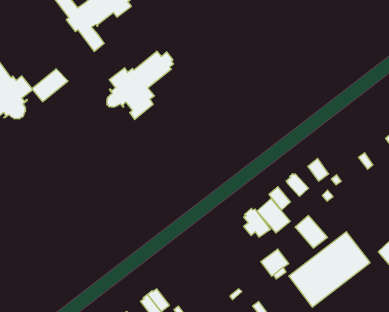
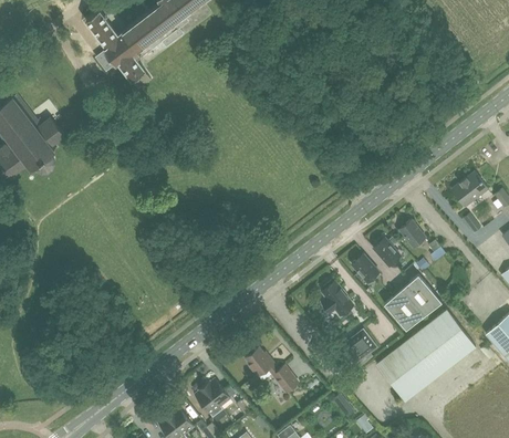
building: [107,51,174,120] -> none
building: [32,69,68,102] -> none
building: none -> [451,173,488,208]
building: [257,198,290,233] -> [401,274,442,316]
building: none -> [246,348,298,393]

